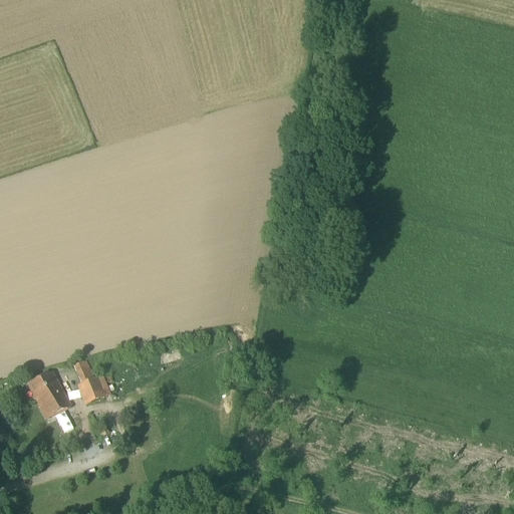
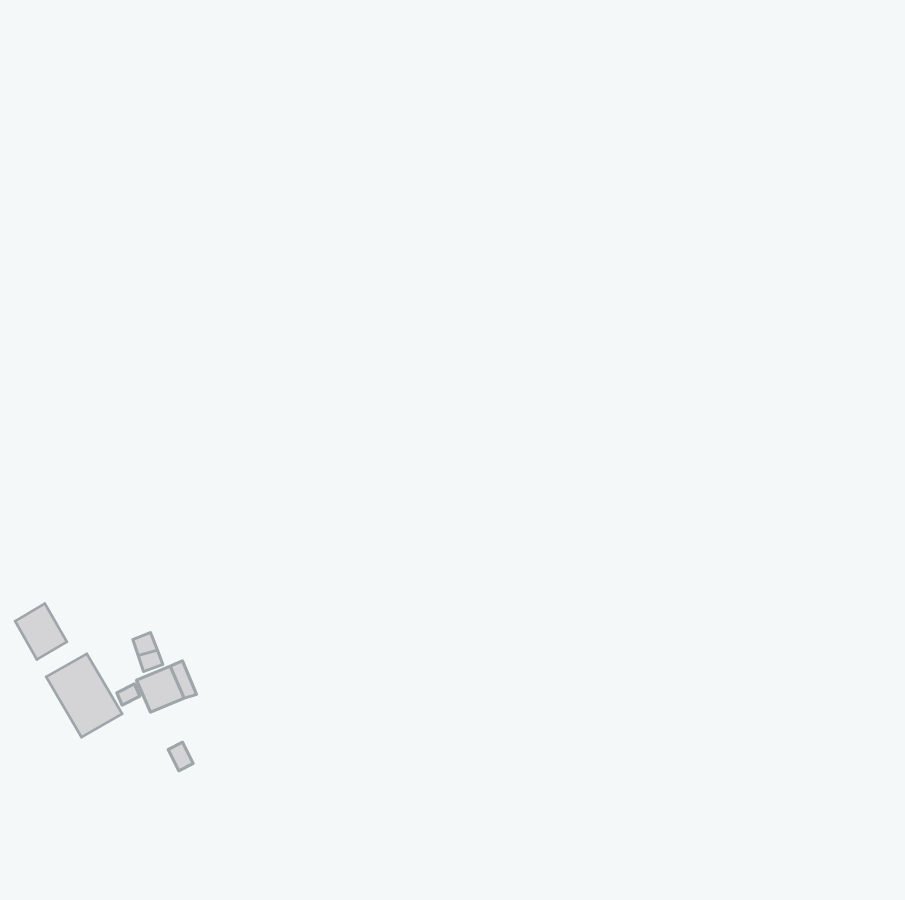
building: none -> [15,604,67,659]

